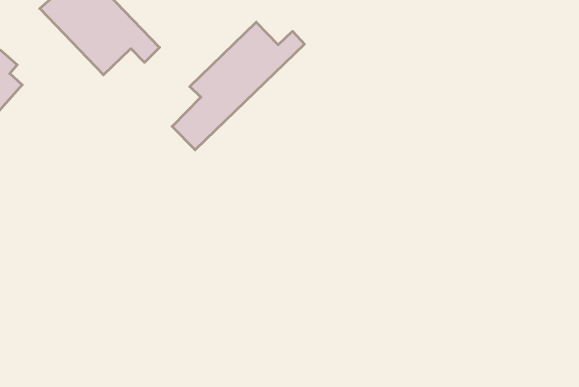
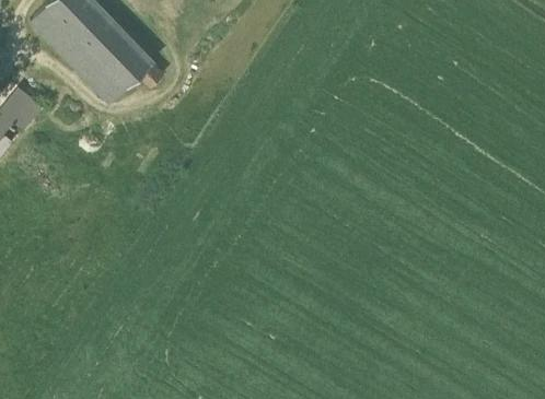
building: [172,22,304,150] -> none

